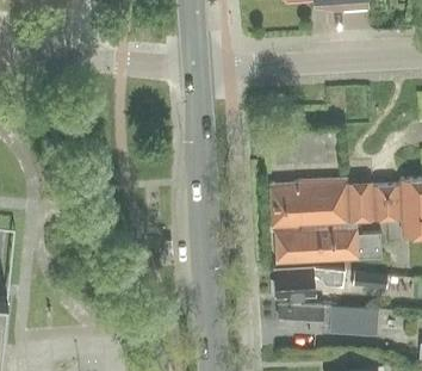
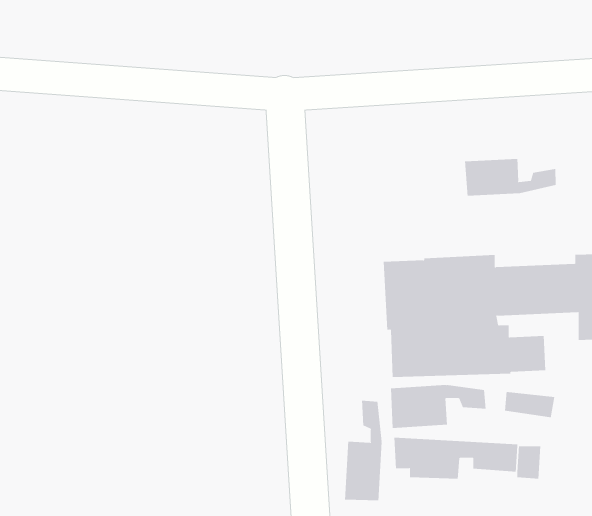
building: none -> [465,158,556,196]
building: none -> [345,400,382,501]

